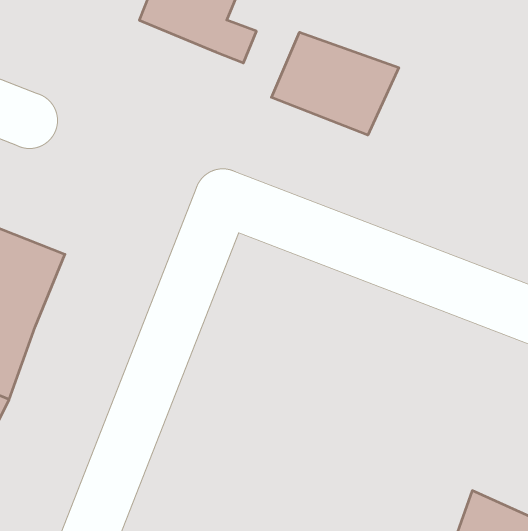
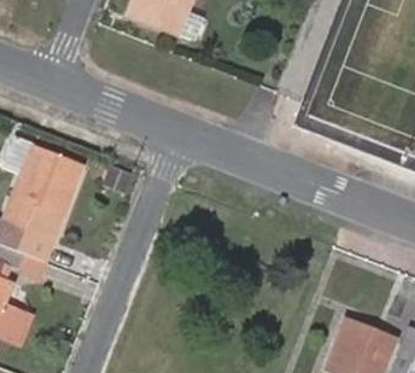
building: [271,32,399,135] -> none

